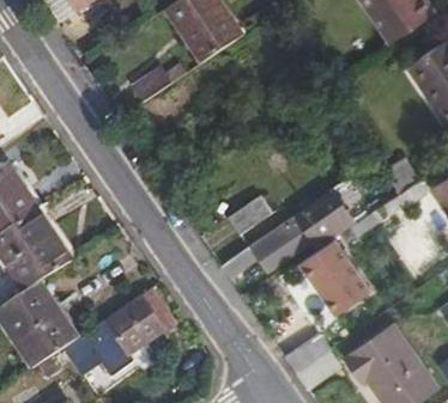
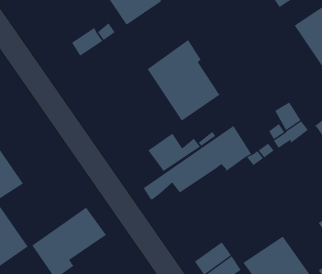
building: none -> [147,39,220,121]
building: [299,245,369,315] -> none

